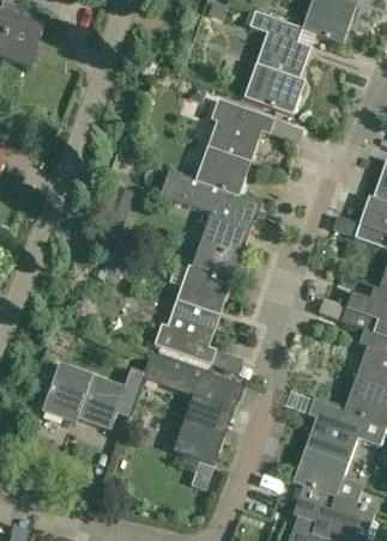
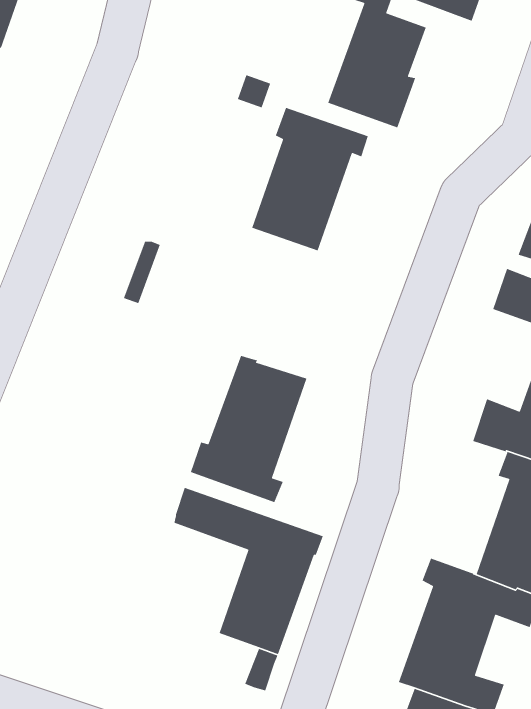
building: [158,171,260,280] -> none
building: [41,361,144,427] -> none

